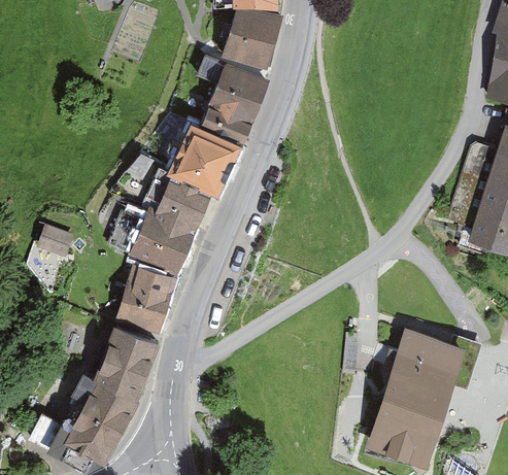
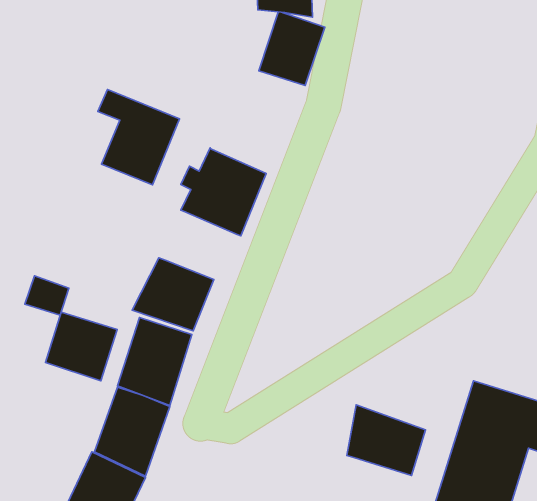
building: [192,65,261,145] -> [98,90,179,185]
building: [149,181,206,238] -> none
building: none -> [45,312,117,381]
building: none -> [347,405,425,476]

